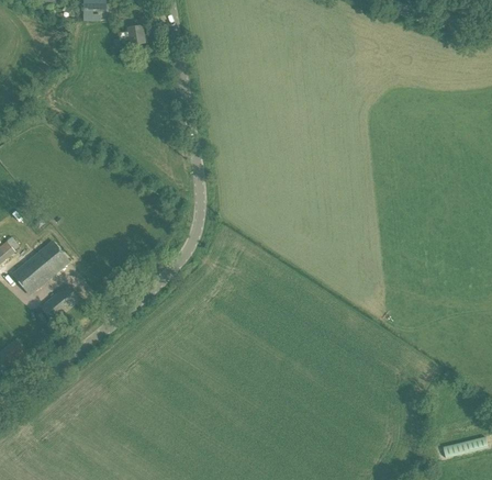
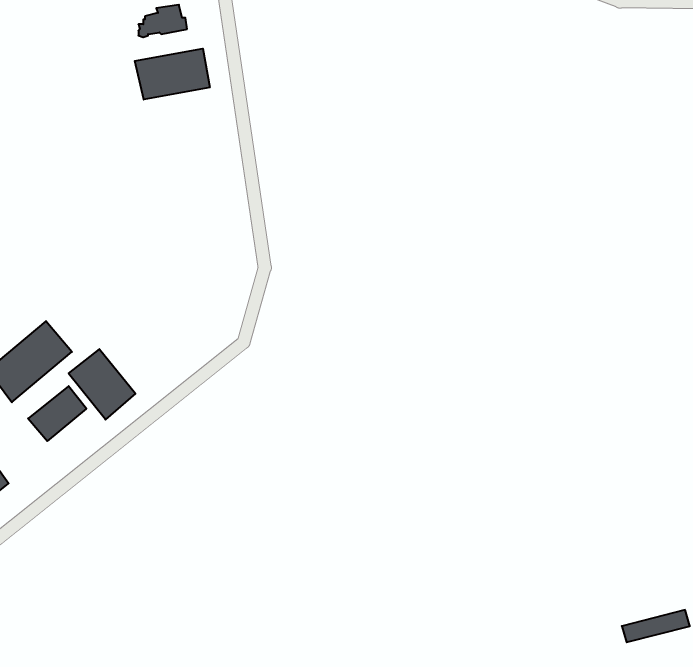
building: none -> [135,49,210,100]
building: none -> [69,349,135,420]

